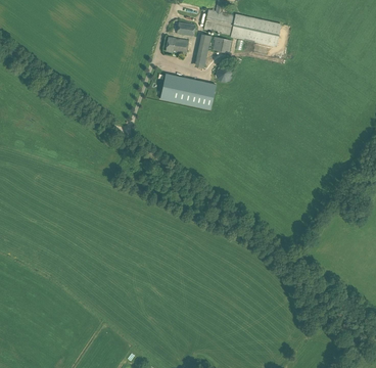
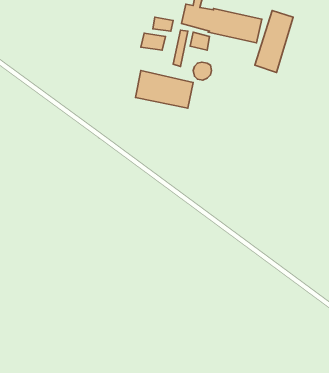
building: none -> [255,11,293,72]

